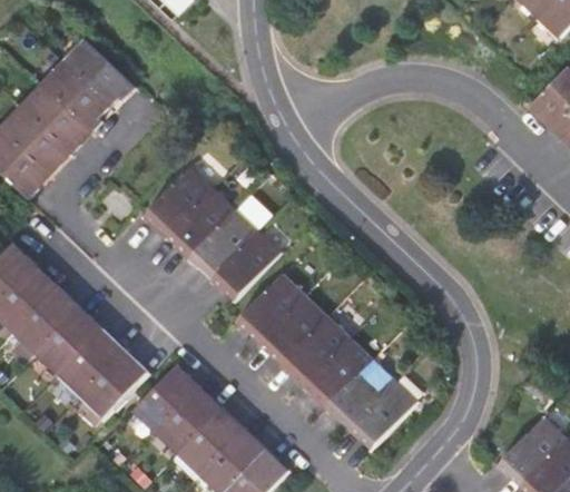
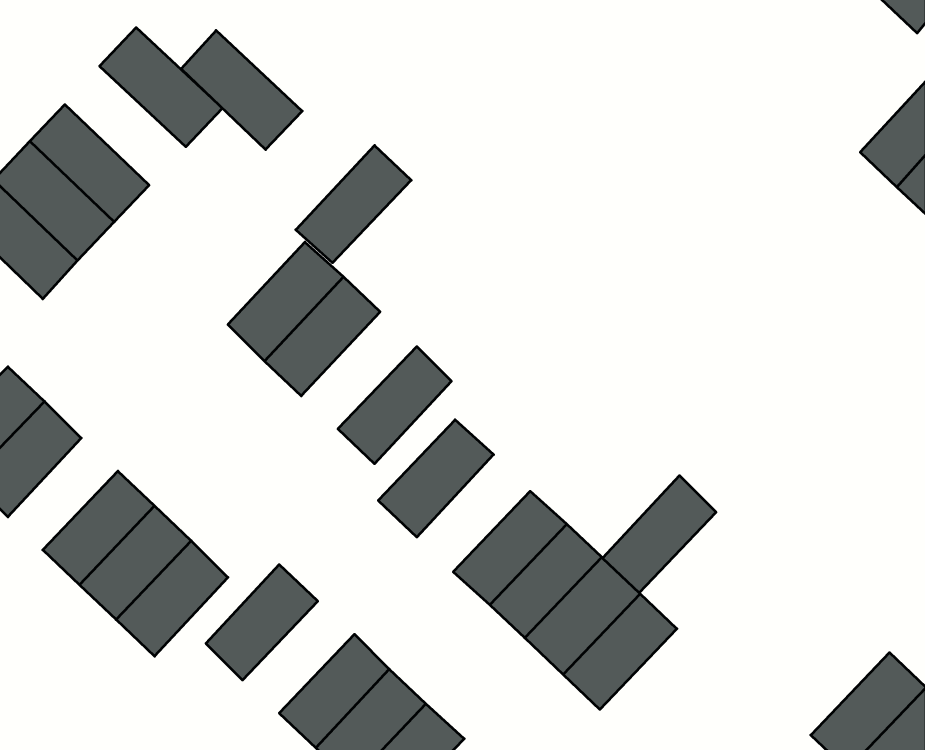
building: [45,59,118,131] -> [181,30,302,150]
building: [188,208,258,279] -> [296,145,411,263]
building: [10,285,77,353] -> none
building: [258,295,327,366] -> [603,476,716,593]
building: [153,384,220,452] -> none

